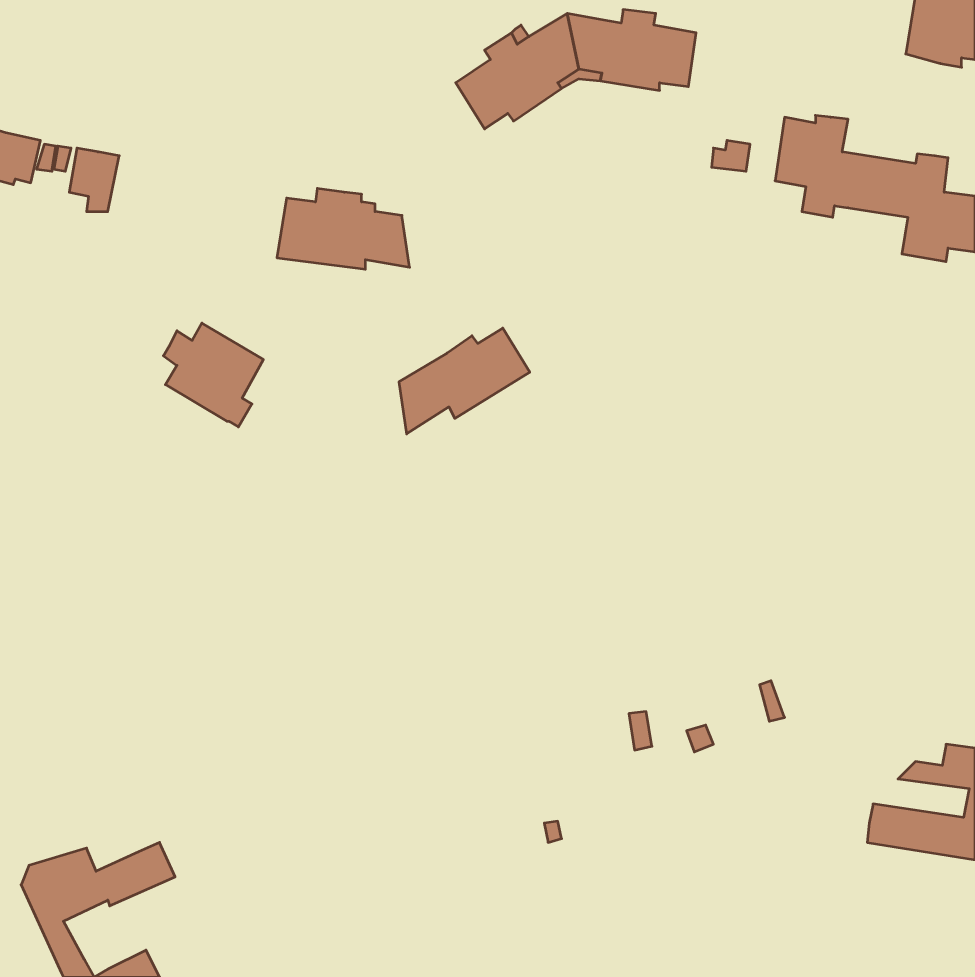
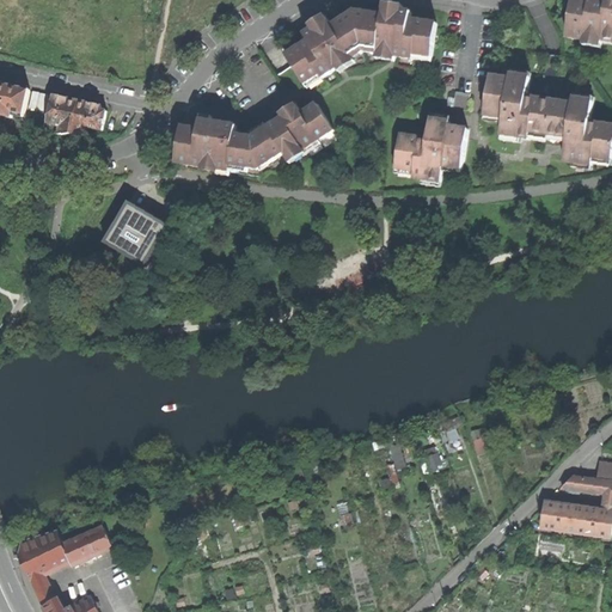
building: none -> [68,98,103,131]
building: none -> [392,116,465,179]
building: [399,328,530,434] -> [250,100,331,166]

